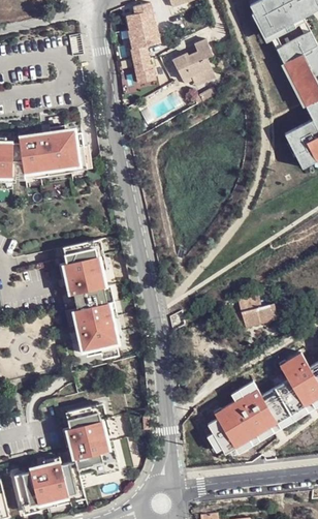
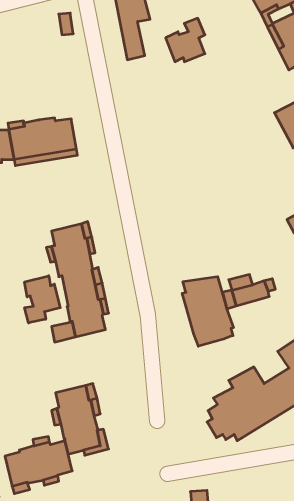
building: none -> [25,276,60,323]
building: none -> [182,277,233,346]

